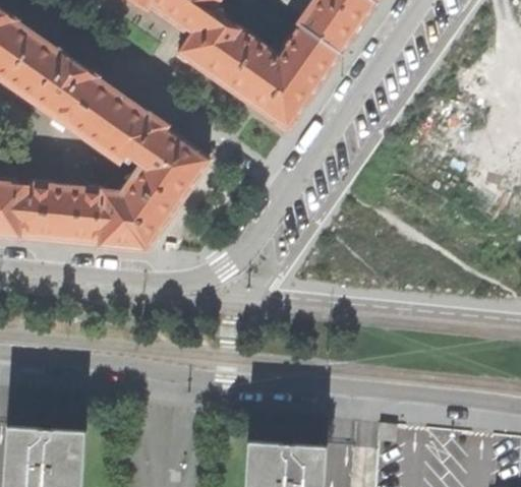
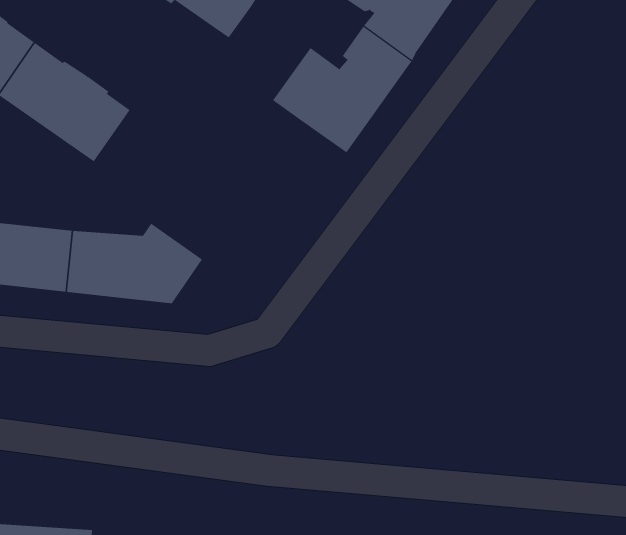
building: [178,10,258,85] -> none
building: [84,94,210,214] -> none

